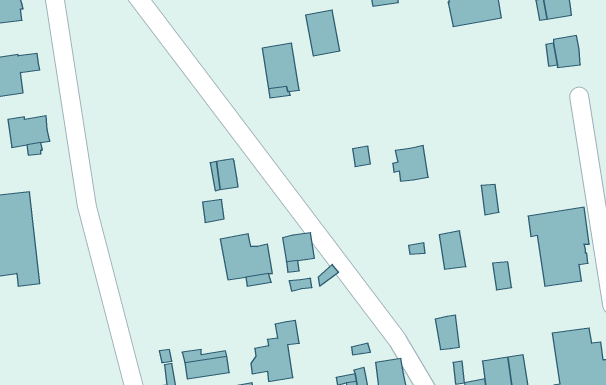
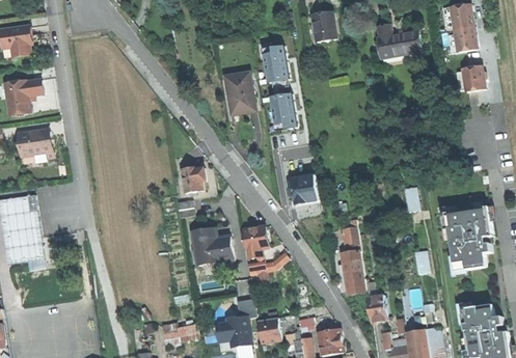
building: none -> [268,92,296,130]
building: [393,146,428,181] -> [289,174,318,203]
building: [439,231,466,269] -> [342,250,363,281]
building: none -> [256,316,280,343]

